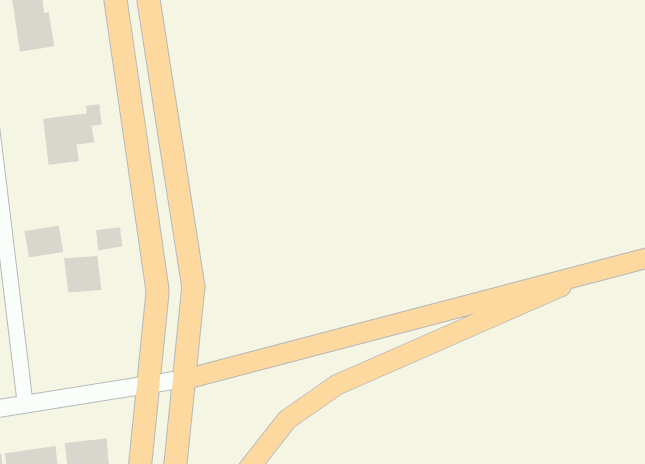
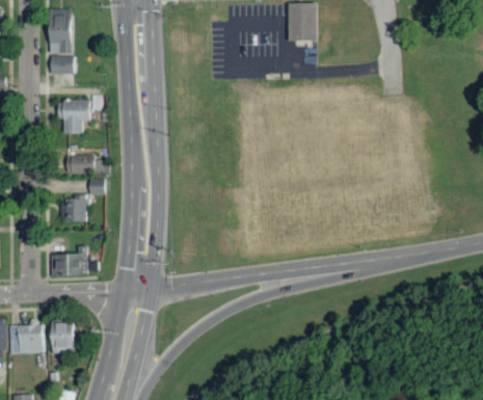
building: none -> [50,55,77,74]
building: [23,225,64,258] -> [74,154,100,174]
building: none -> [54,245,90,275]

